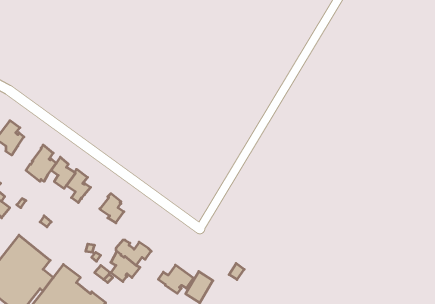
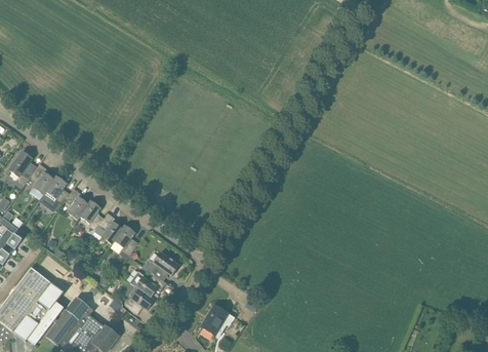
building: none -> [31,163,54,195]
building: none -> [98,212,123,244]
building: [158,265,194,293] -> [144,251,179,280]

